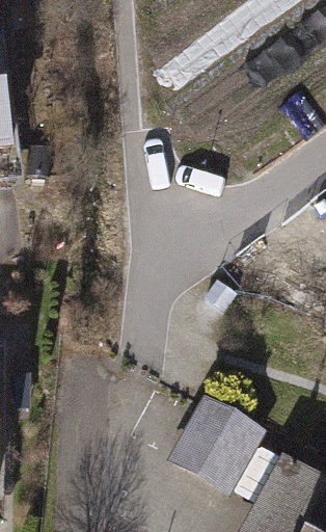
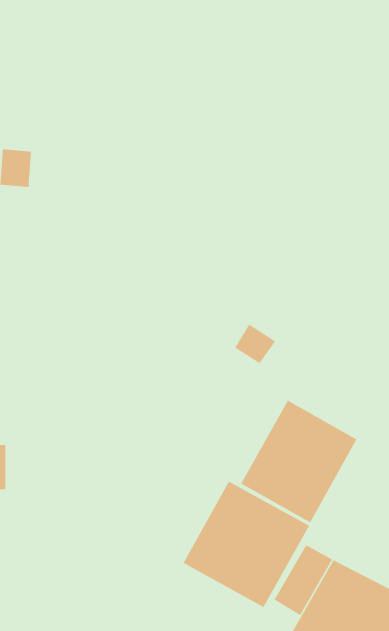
building: none -> [240,399,358,524]

